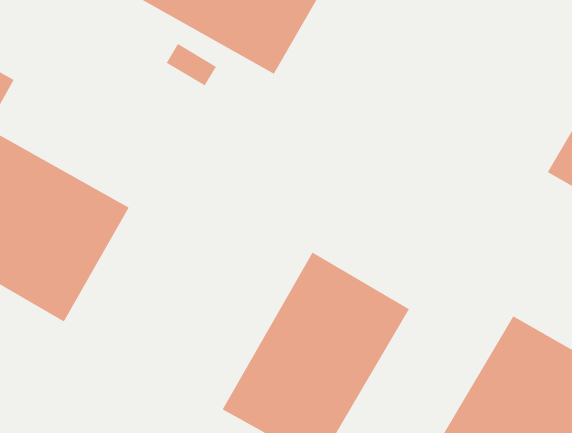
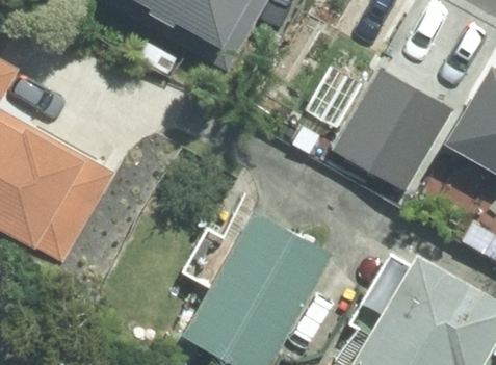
building: none -> [333,69,453,193]

